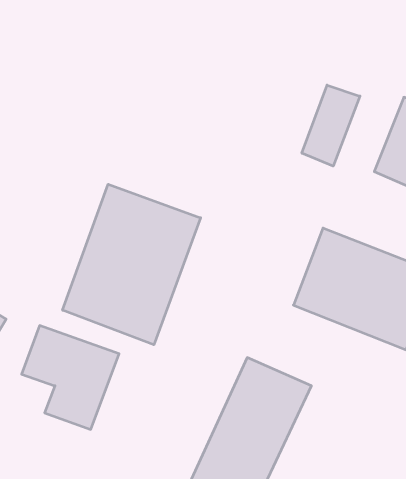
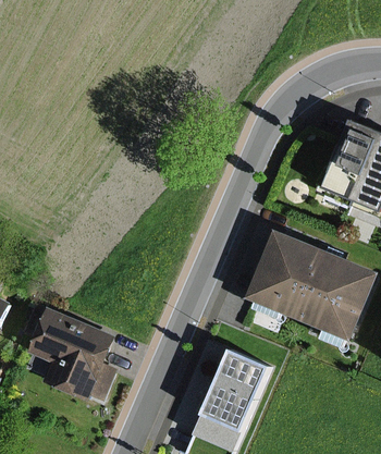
building: [302,85,360,166] -> none
building: [63,184,201,345] -> none

